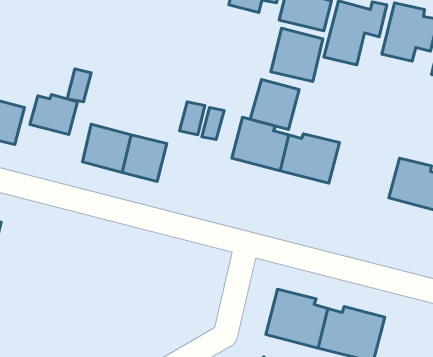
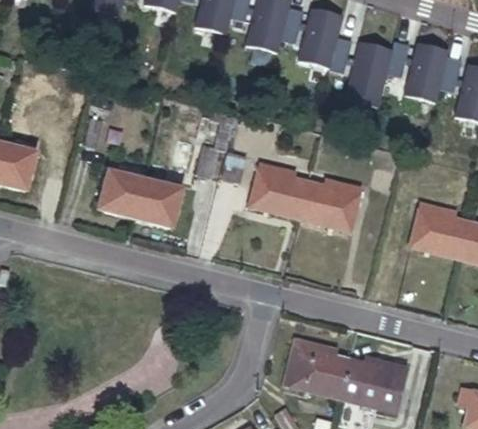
building: [271,28,323,81] -> none
building: [250,80,299,130] -> none
building: [30,94,77,135] -> none

